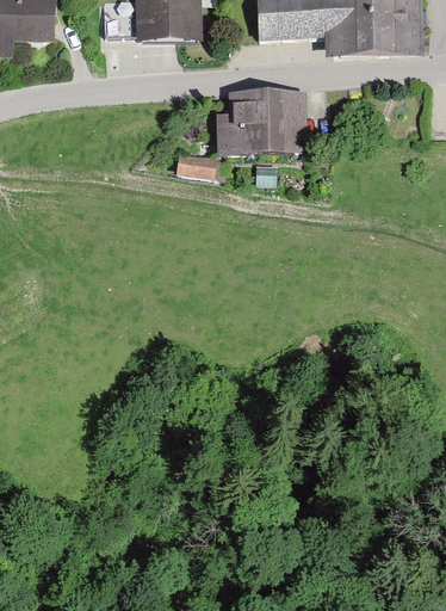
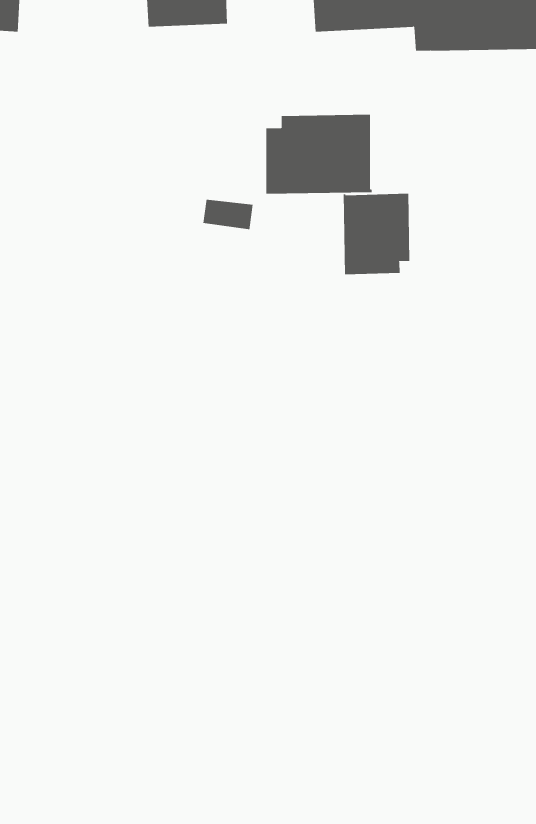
building: none -> [343,193,410,275]

